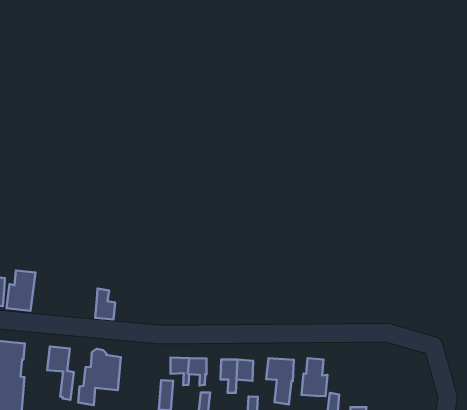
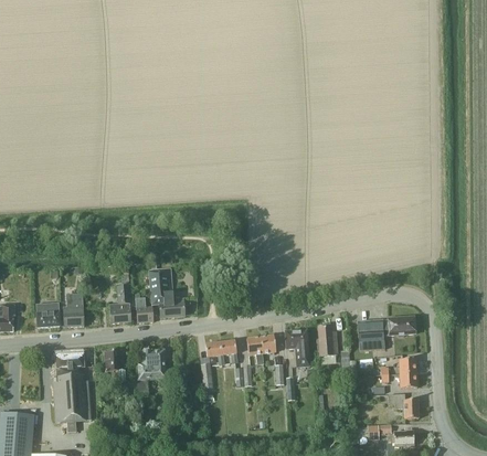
building: none -> [148,267,183,316]
building: none -> [108,284,130,322]
building: none -> [357,316,414,350]

